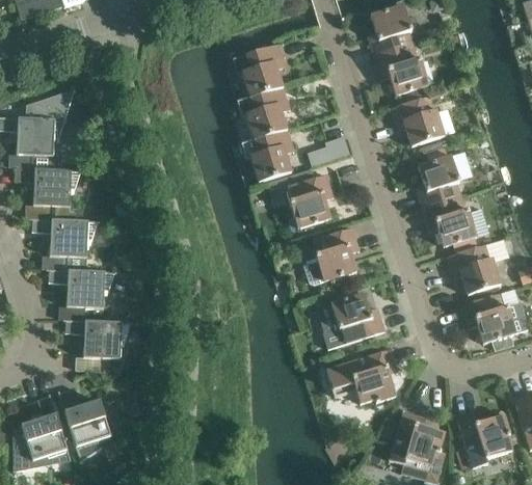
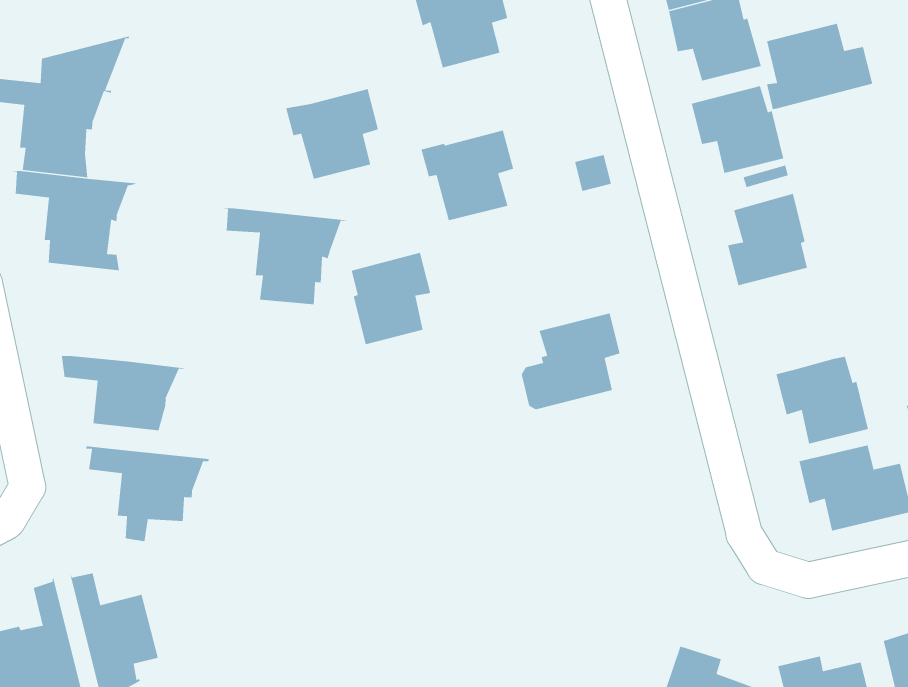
building: none -> [766,23,873,110]
building: [237,86,290,139] -> [285,88,379,180]
building: [288,174,334,228] -> [351,252,431,345]
building: [423,196,478,253] -> none
building: [30,218,100,270] -> [223,207,347,305]
building: [323,287,384,349] -> none
building: [326,349,398,403] -> none

